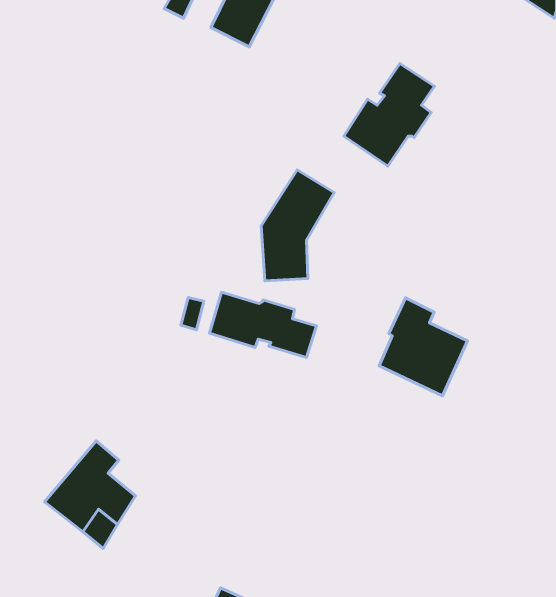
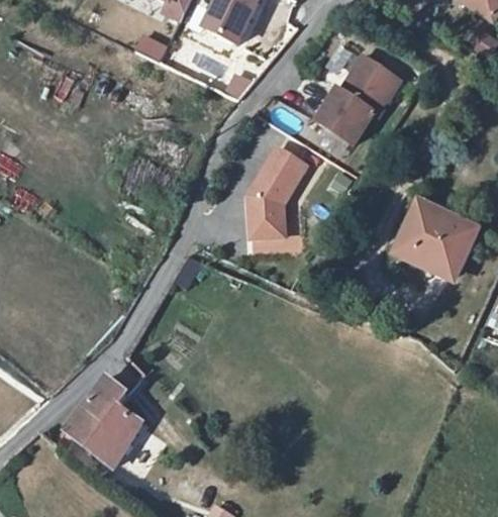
building: [209,292,317,357] -> none
building: [379,298,468,396] -> [399,194,474,277]

